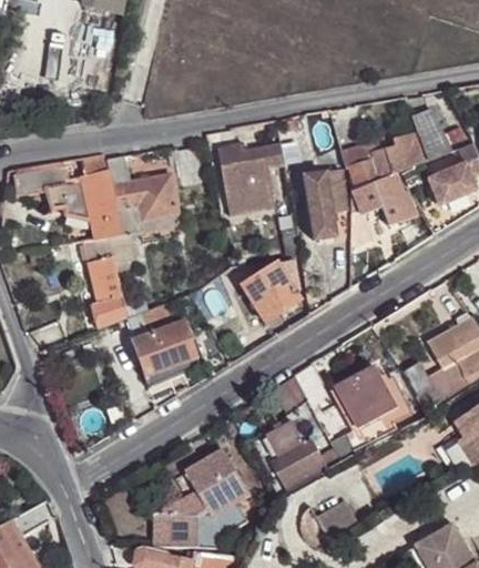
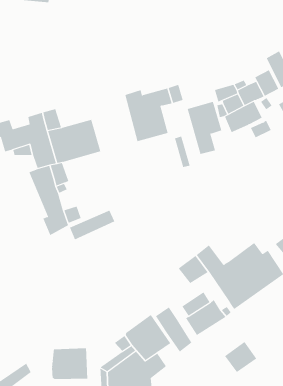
building: [244,261,299,321] -> none
building: [131,320,202,378] -> none
building: none -> [155,306,192,352]
building: none -> [52,347,88,380]

